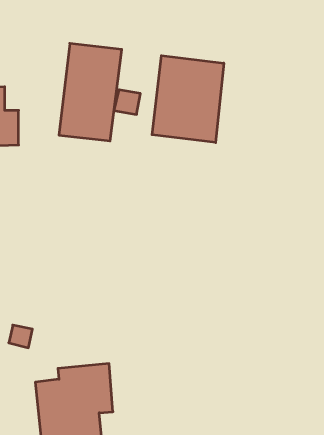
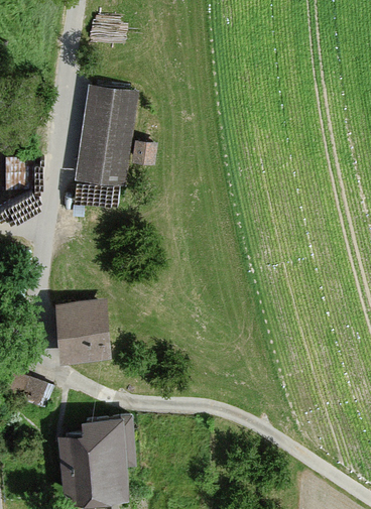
building: [152,56,224,143] -> none
building: none -> [53,300,107,366]

